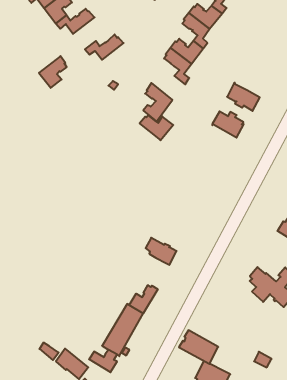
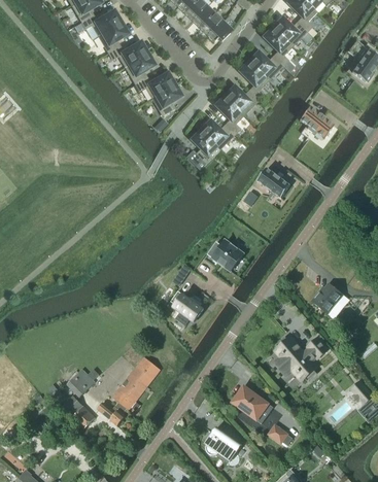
building: none -> [151,83,181,115]
building: [39,56,67,88] -> [125,53,154,84]
building: [227,83,260,111] -> [300,107,334,139]
building: [140,115,173,140] -> [200,122,235,149]
building: none -> [208,240,243,271]
building: [129,285,158,313] -> none
building: none -> [67,369,95,397]
building: [179,330,218,364] -> [232,385,273,423]

